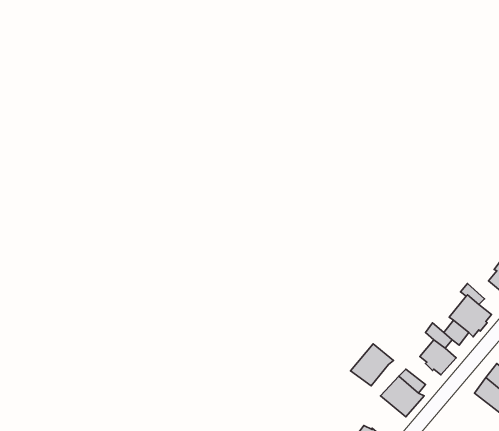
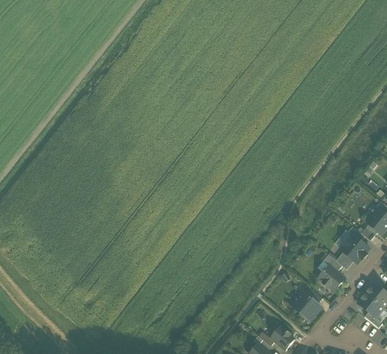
building: [351,344,394,386] -> none

